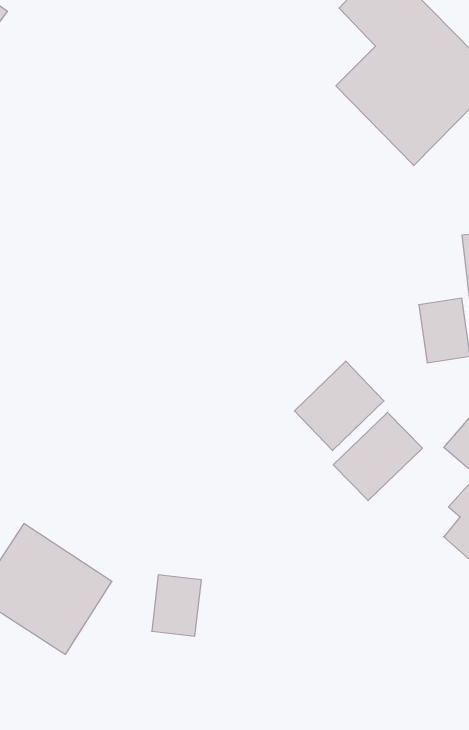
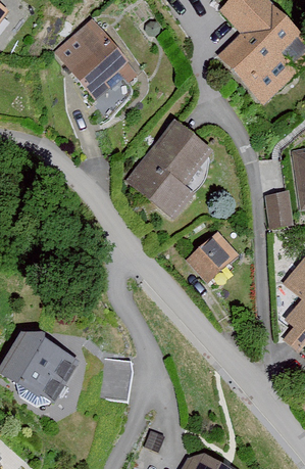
building: none -> [60,20,133,96]
building: none -> [128,118,214,216]
building: [333,412,422,501] -> none

